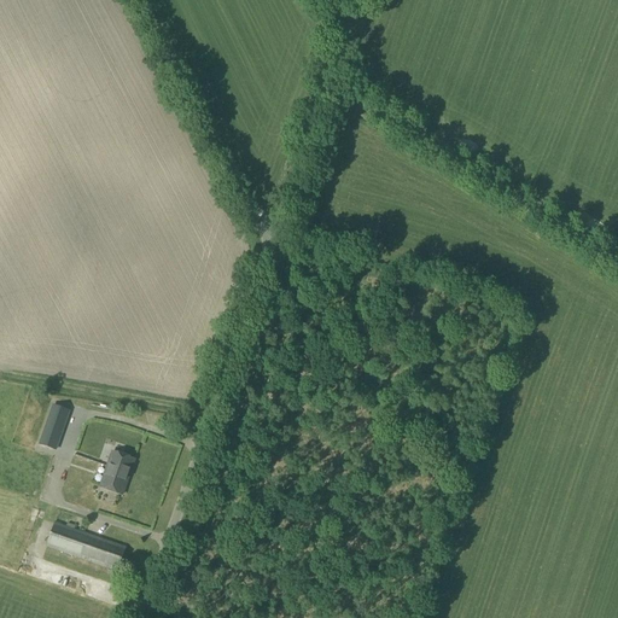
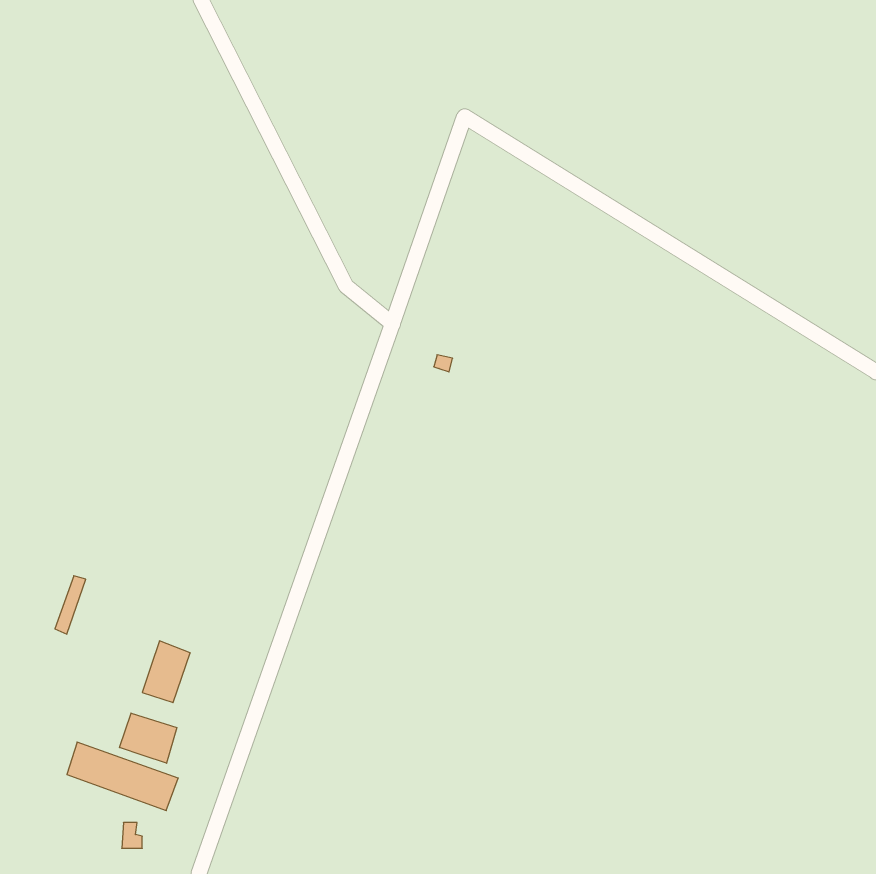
building: none -> [120,713,177,763]

